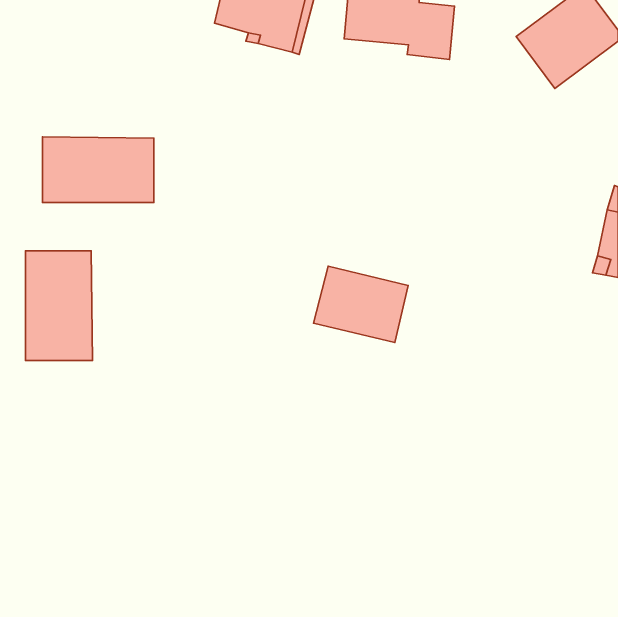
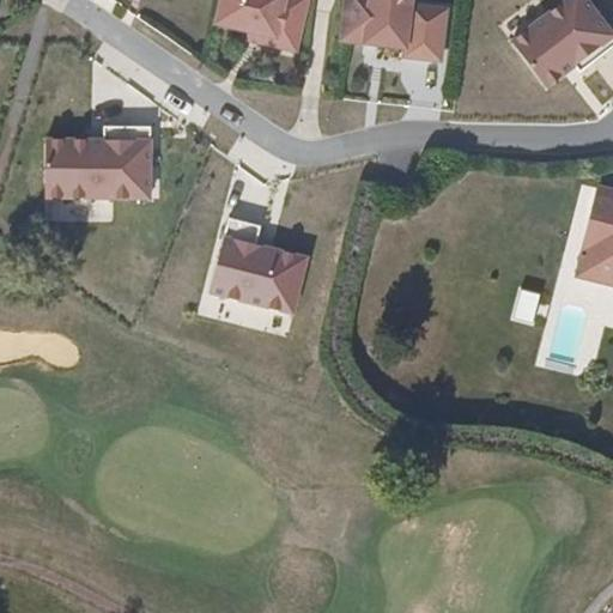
building: [26,251,92,360] -> none
building: [314,266,408,342] -> [212,233,305,309]

